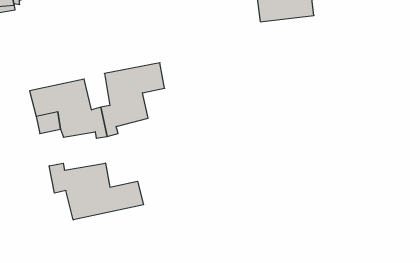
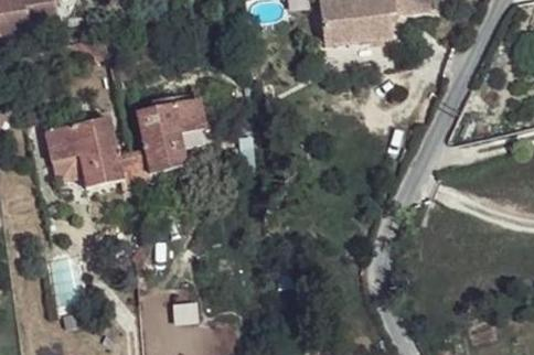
building: [49,163,143,220] -> none

